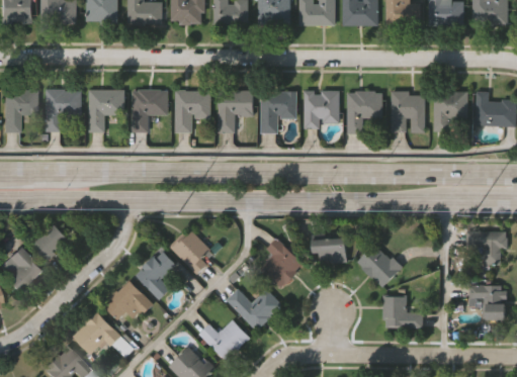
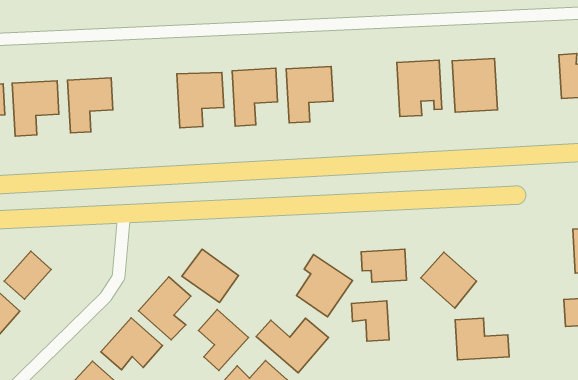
building: [133,90,168,130] -> none
building: [304,90,339,125] -> none
building: [434,92,467,131] -> none
building: none -> [198,310,248,371]
building: none -> [352,301,389,341]

